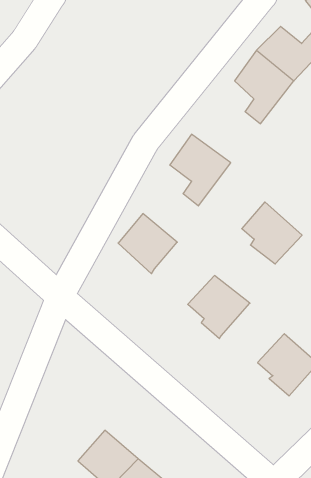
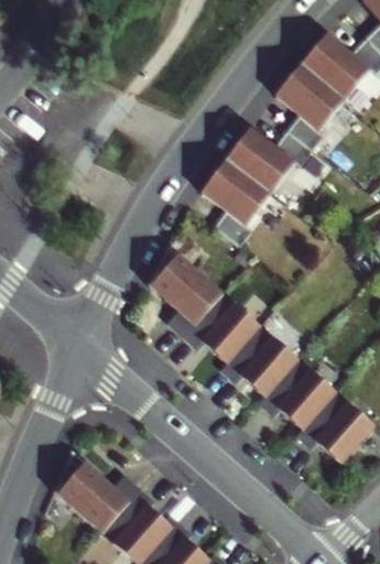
building: none -> [228,129,307,191]
building: [242,202,302,264] -> [185,282,254,354]
building: none -> [262,352,335,431]
building: none -> [53,454,128,534]

